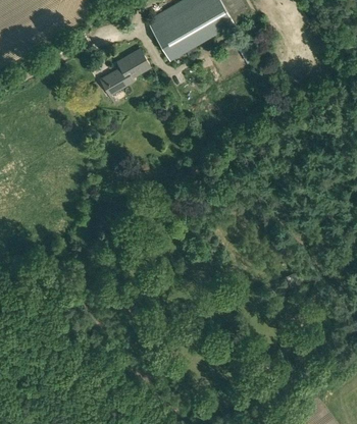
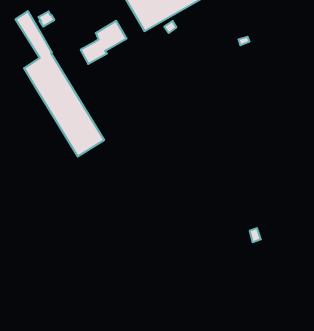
building: none -> [16,11,104,157]

